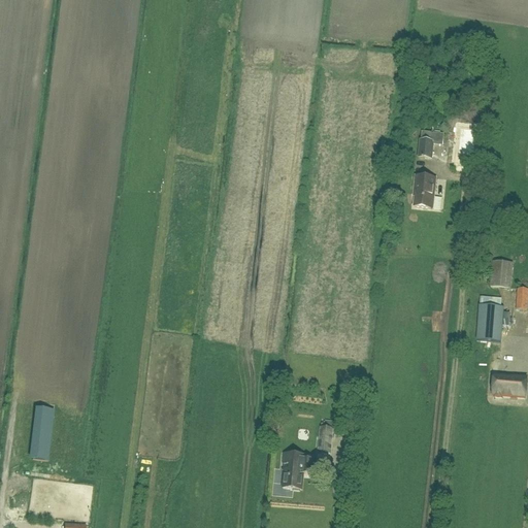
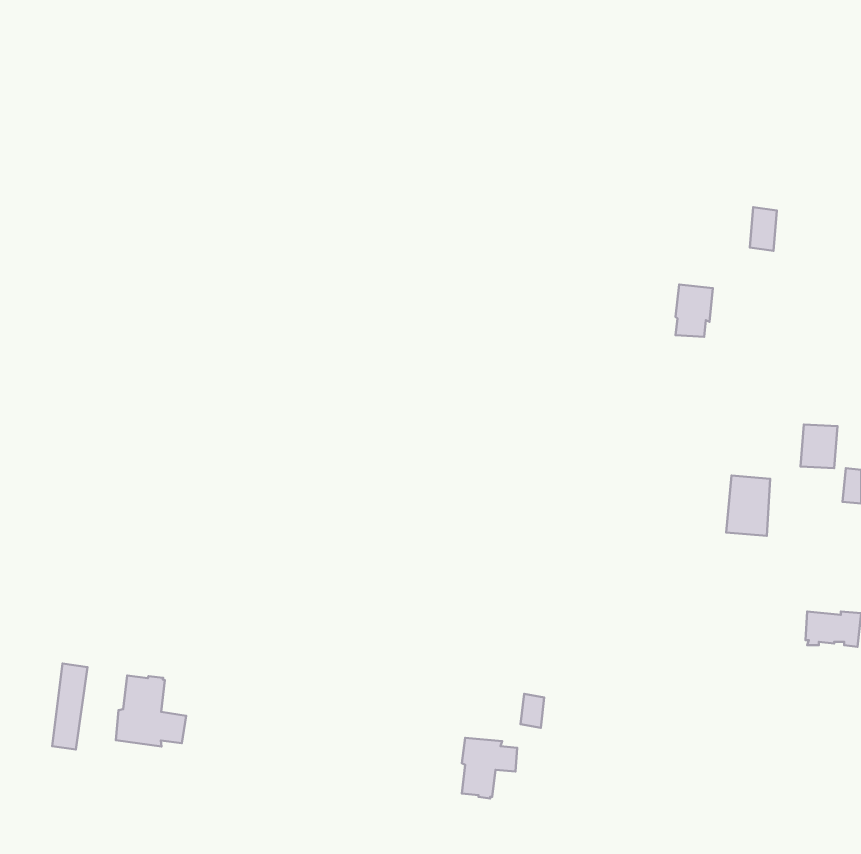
building: [418,130,443,159] -> none
building: [476,303,503,340] -> [726,475,770,536]
building: none -> [116,675,186,747]

